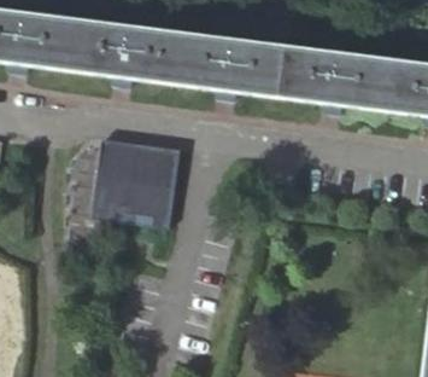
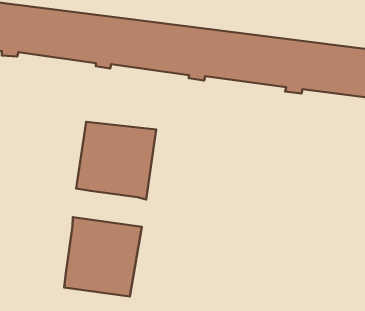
building: none -> [64,217,142,296]

